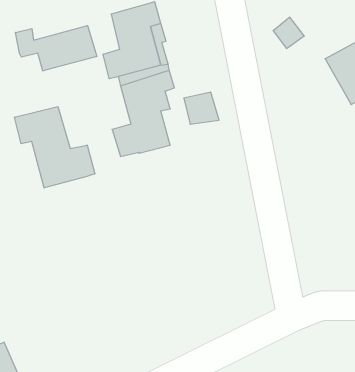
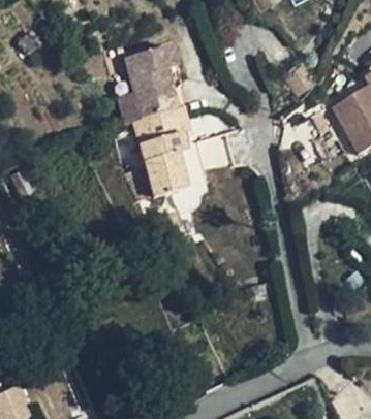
building: [15,26,97,71] -> none
building: [15,107,95,188] -> none

